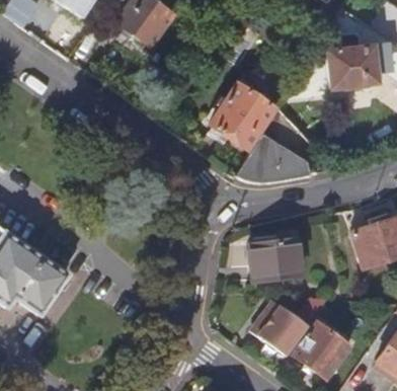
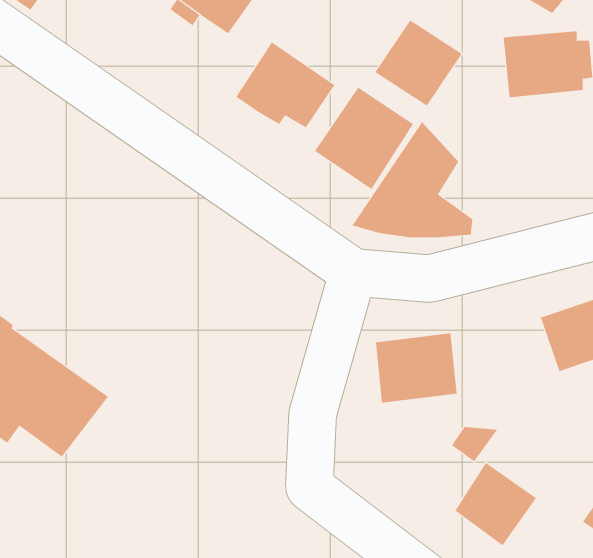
building: none -> [374,19,463,107]
building: none -> [235,41,335,128]
building: [252,301,309,357] -> none

